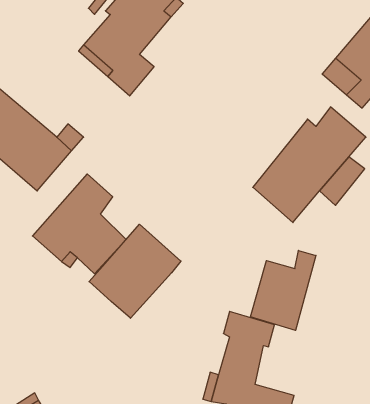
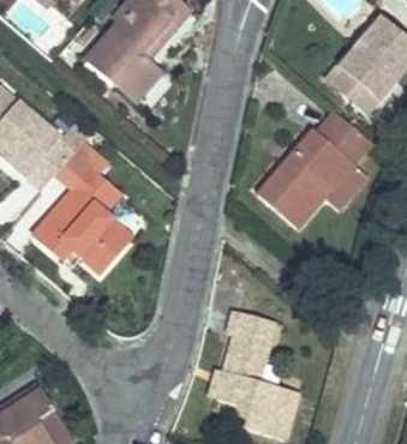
building: [89,224,181,318] -> none
building: [251,250,316,330] -> none

